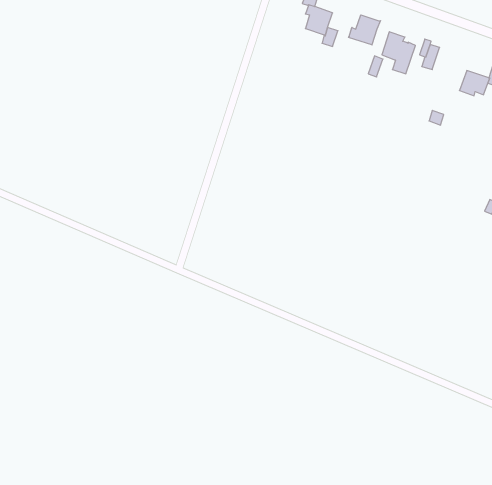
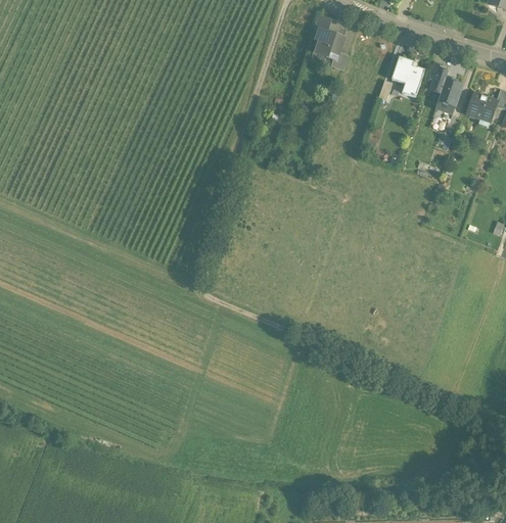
building: [349,15,380,45] -> none
building: none -> [436,72,462,113]

